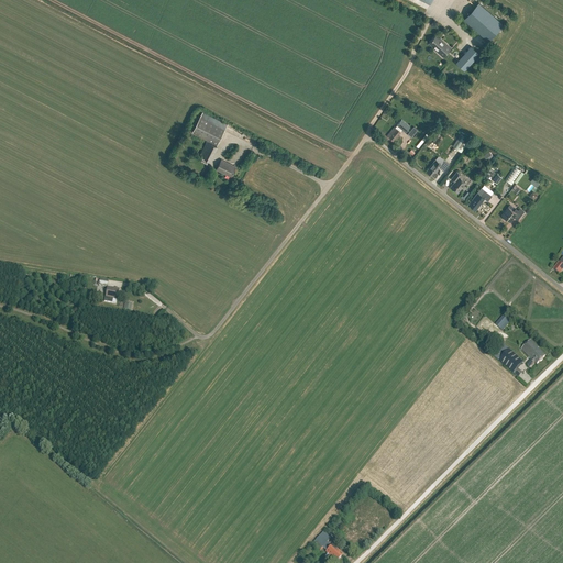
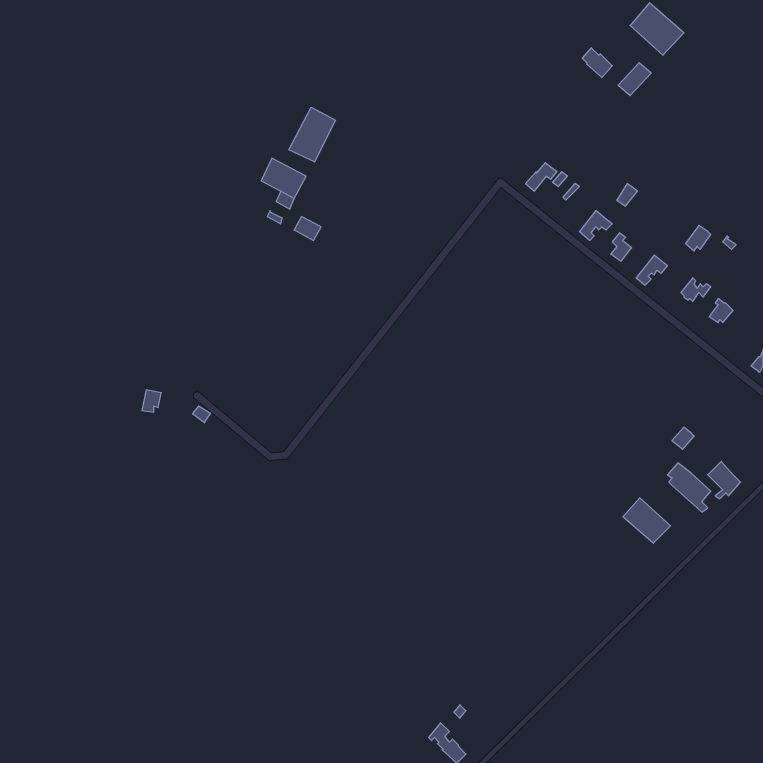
building: none -> [289,107,335,162]
building: none -> [623,498,671,543]

